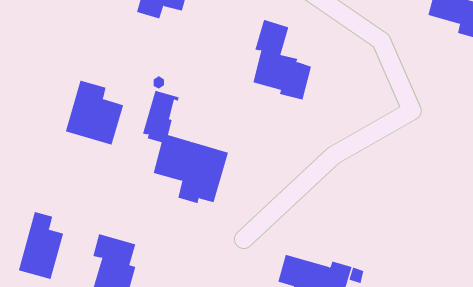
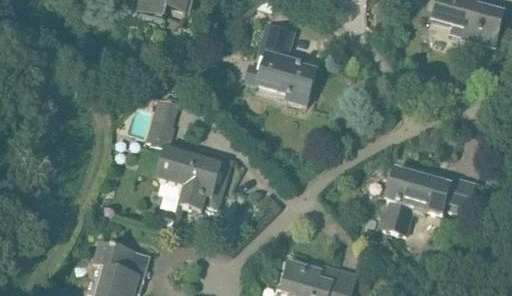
building: [65,80,124,145] -> none
building: none -> [382,162,474,232]
building: [18,211,64,280] -> none

